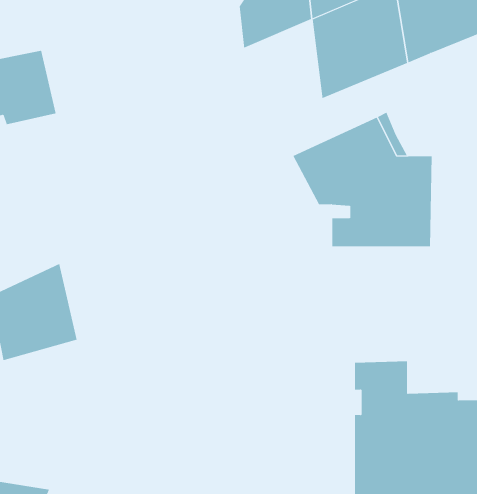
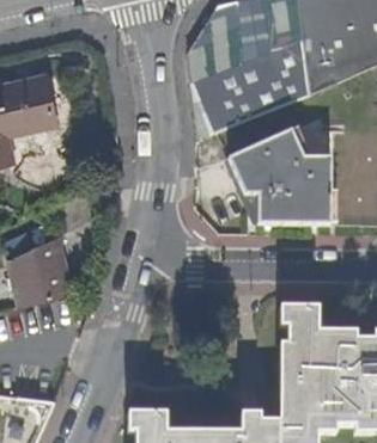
building: none -> [195,55,253,133]

